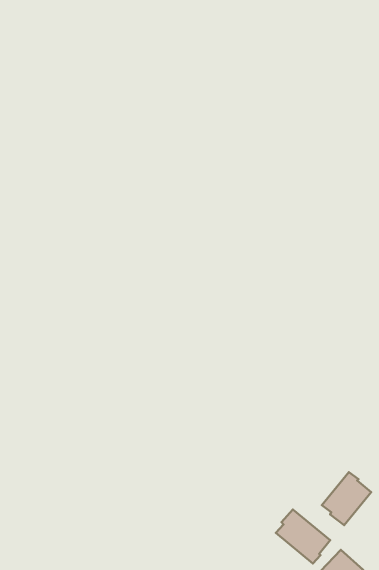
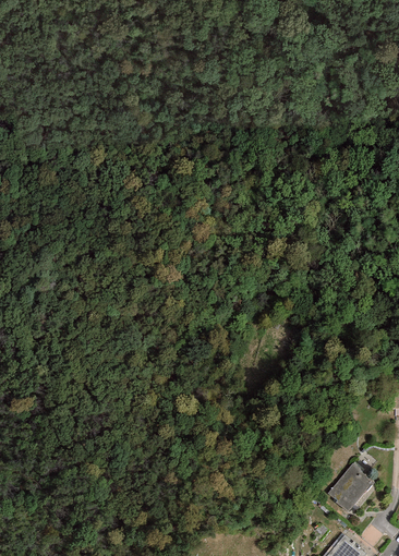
building: [276,510,330,563] -> none

